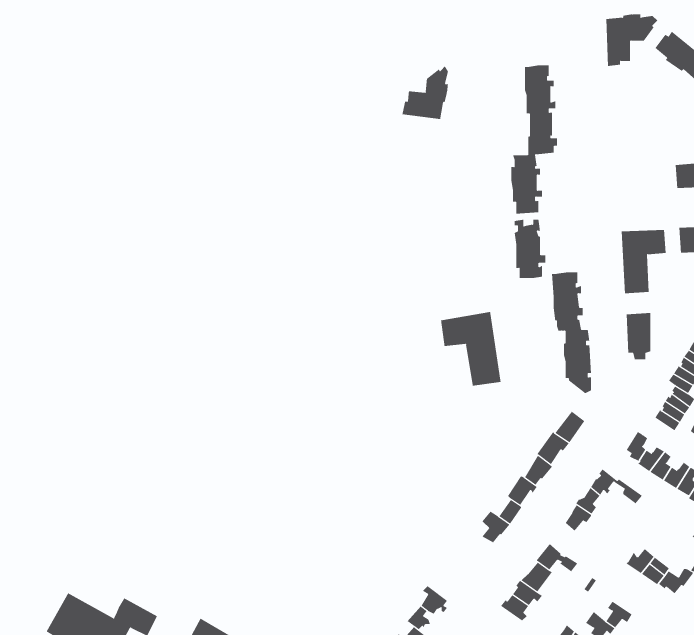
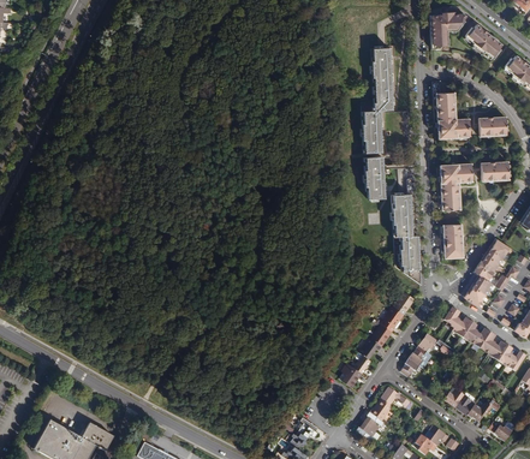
building: [402,66,448,120] -> none
building: none -> [436,91,470,137]
building: [441,311,501,387] -> none

